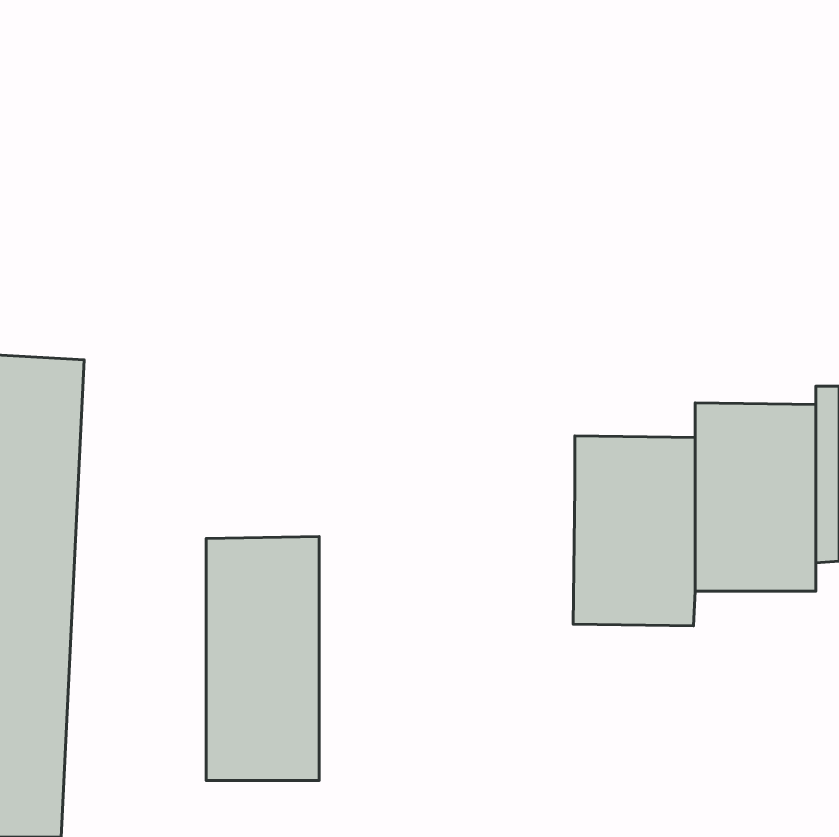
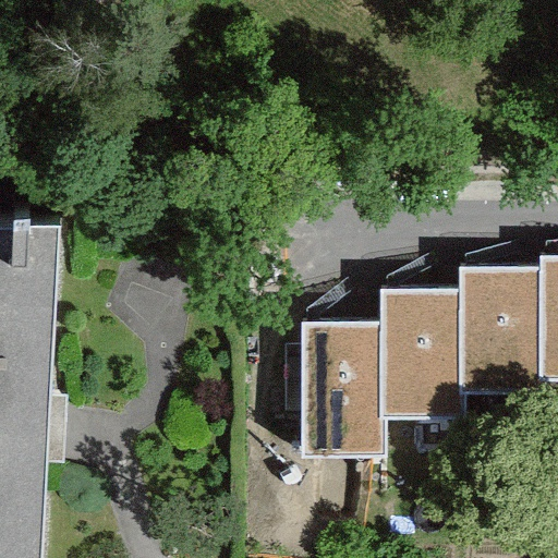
building: none -> [301,320,379,453]
building: [206,536,319,780] -> none

